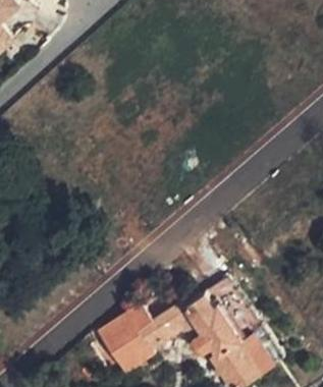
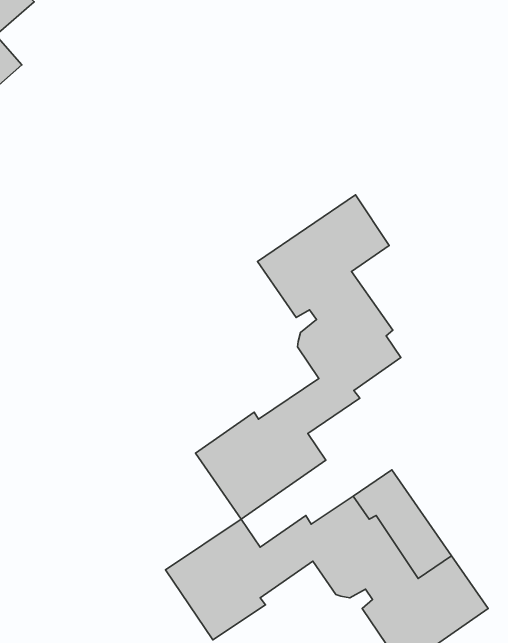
building: none -> [195,195,401,519]

